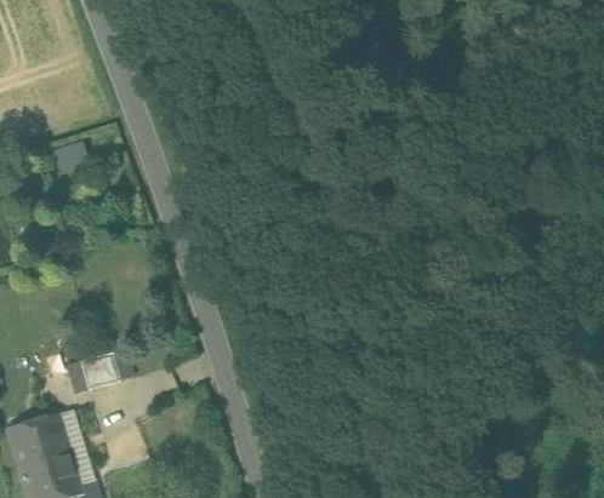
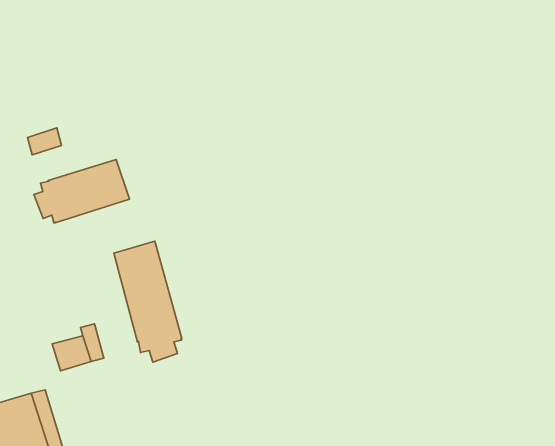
building: none -> [34,159,130,223]
building: none -> [114,241,182,362]

